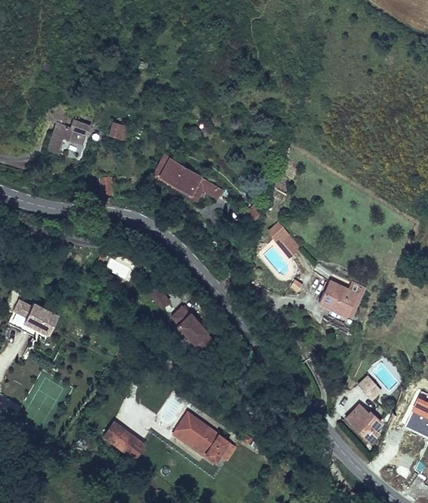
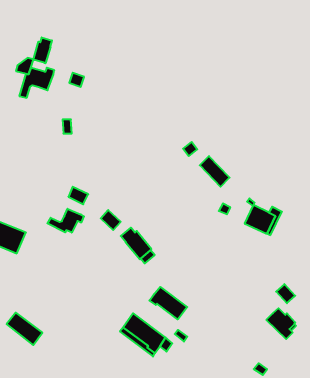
building: none -> [33,37,52,63]
building: [154,156,224,202] -> none
building: none -> [47,209,84,233]
building: none -> [149,287,187,319]
building: [102,422,145,461] -> [7,313,42,345]

